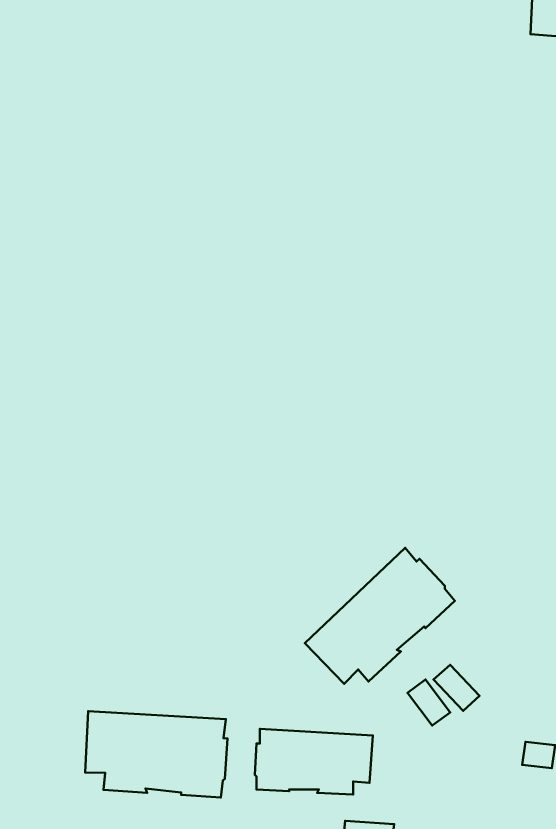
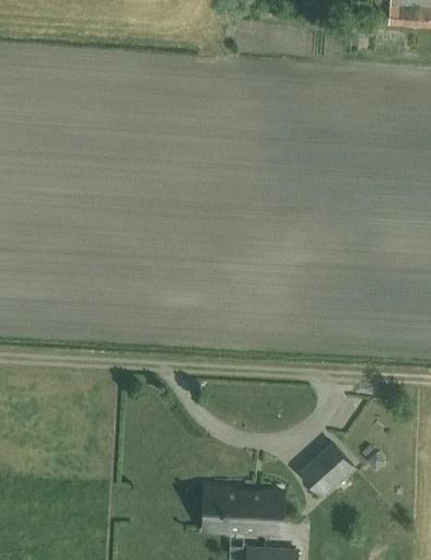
building: [305,548,455,684] -> none
building: [85,711,228,797] -> none

